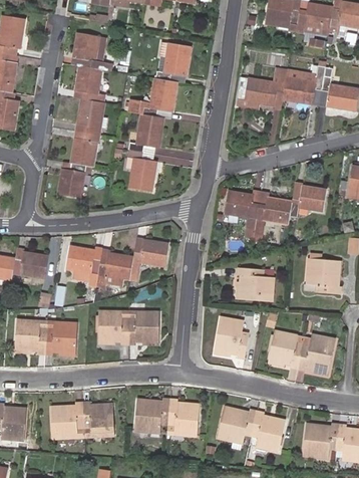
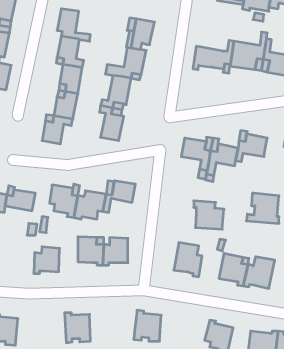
building: [15,318,46,352] -> none
building: [133,397,169,431] -> none
building: [50,400,84,437] -> none
building: [217,404,257,439] -> none

